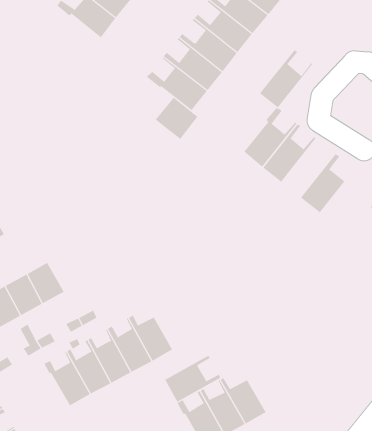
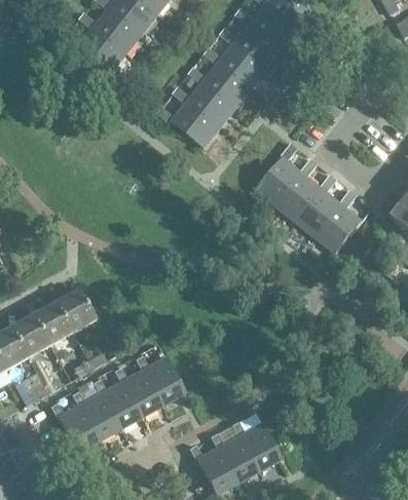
building: [259,49,313,108] -> [296,175,351,235]
building: [155,97,198,140] -> none
building: none -> [54,290,95,333]
building: [165,355,221,402] -> none

